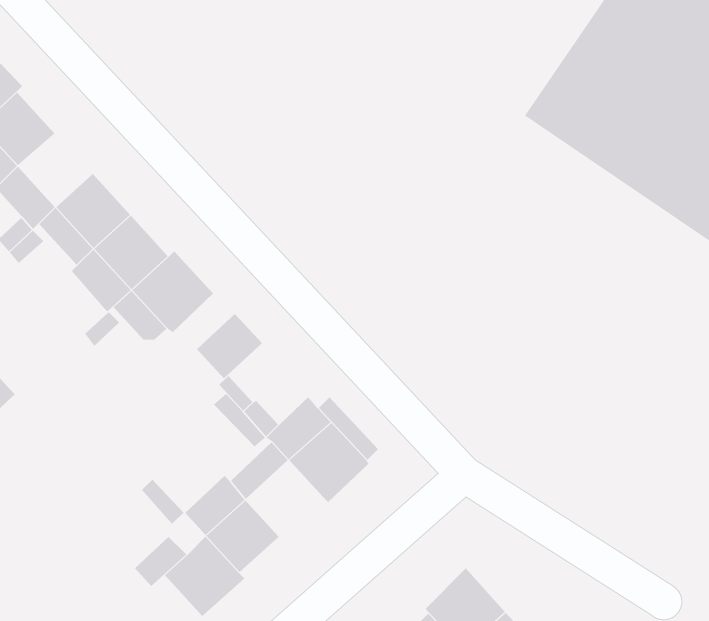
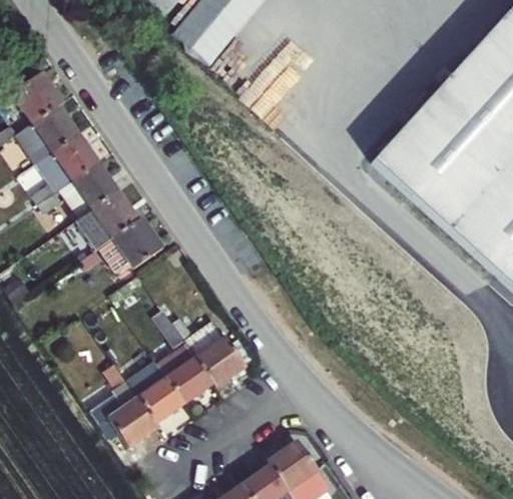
building: none -> [51,134,97,180]
building: [196,313,263,379] -> none
building: none -> [164,358,212,405]

